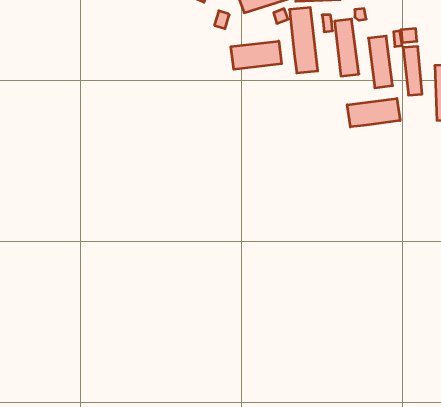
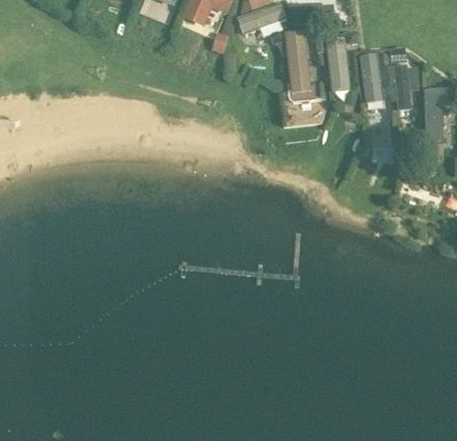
building: [231,41,282,69] -> none
building: [347,98,400,127] -> none

